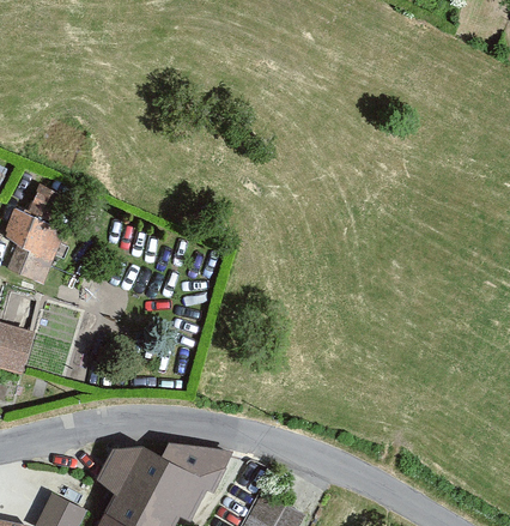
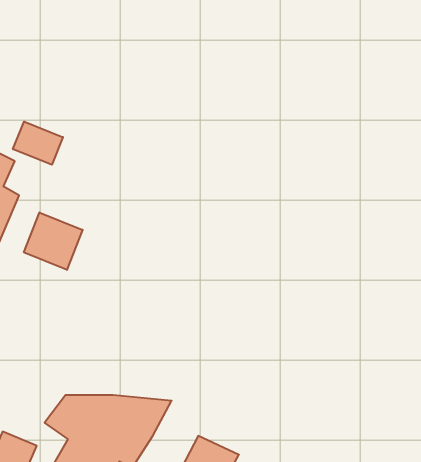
building: none -> [13,122,63,165]
building: none -> [24,212,83,270]

